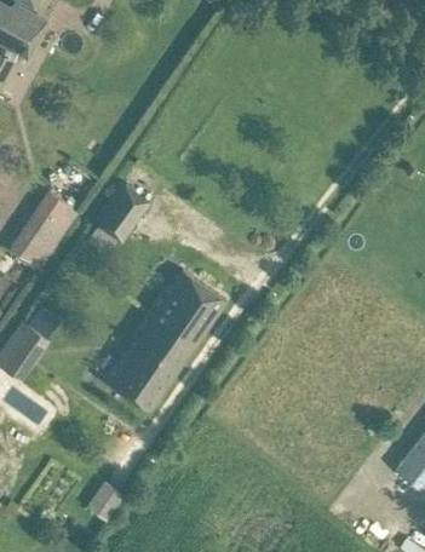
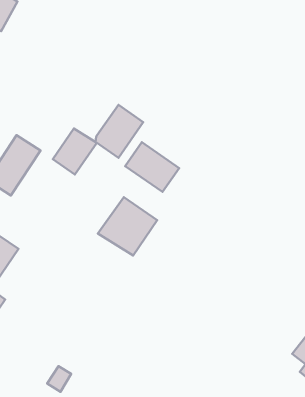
building: none -> [96,105,143,158]
building: none -> [125,142,179,192]
building: [107,315,195,409] -> none

